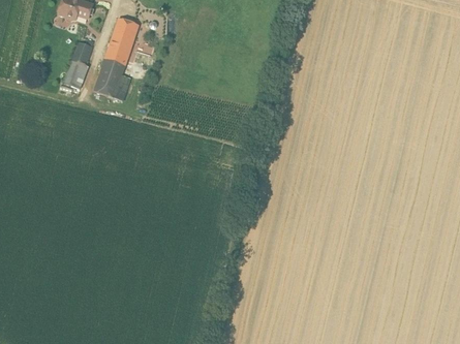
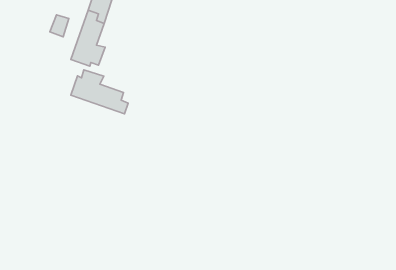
building: [62,60,88,88] -> none
building: none -> [71,70,128,114]

